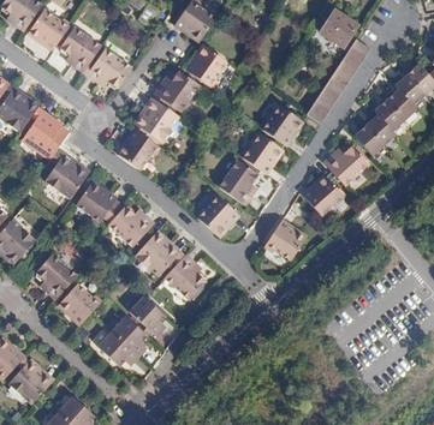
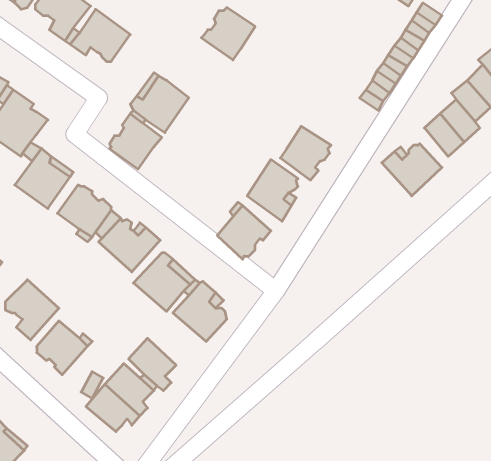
building: [150,70,196,112] -> none
building: [263,108,302,149] -> none
building: [301,180,341,220] -> none
building: [262,223,302,264] -> none

